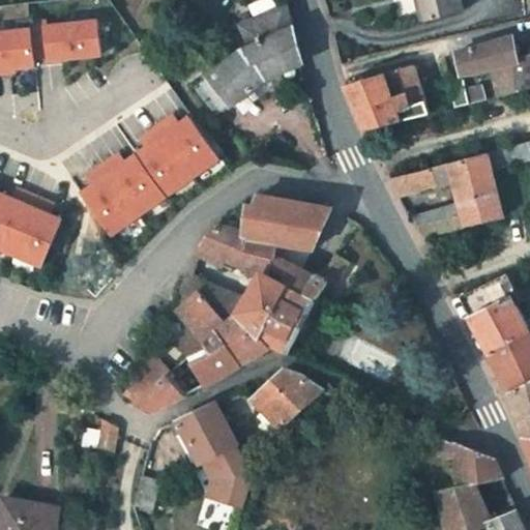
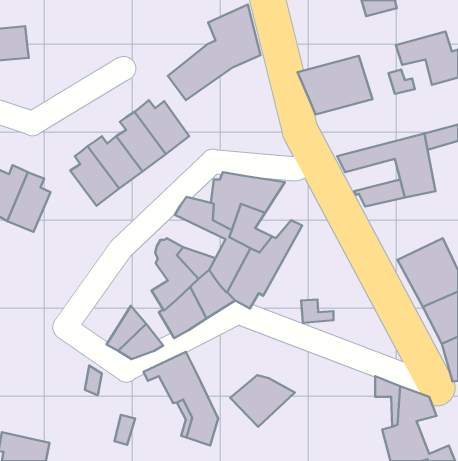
building: [28,22,99,61] -> none
building: [249,372,324,431] -> [230,375,295,427]

